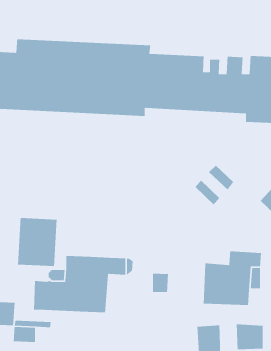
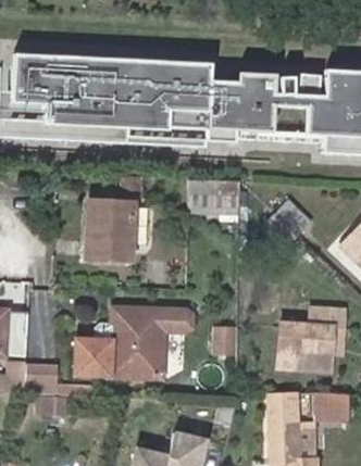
building: none -> [187,179,240,217]
building: [17,217,58,267] -> [86,202,134,261]

